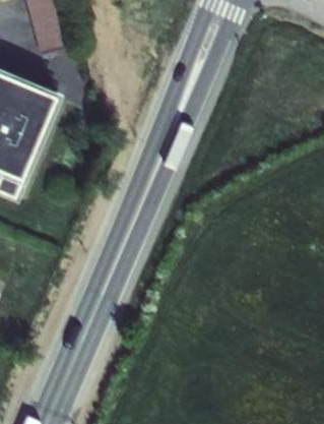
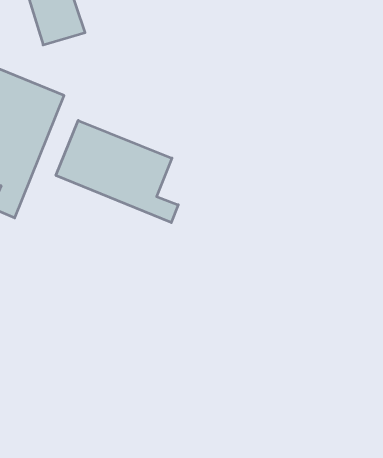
building: none -> [56,120,178,223]

